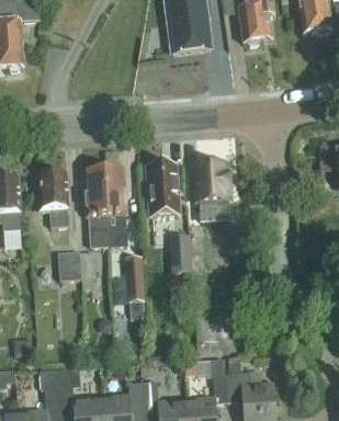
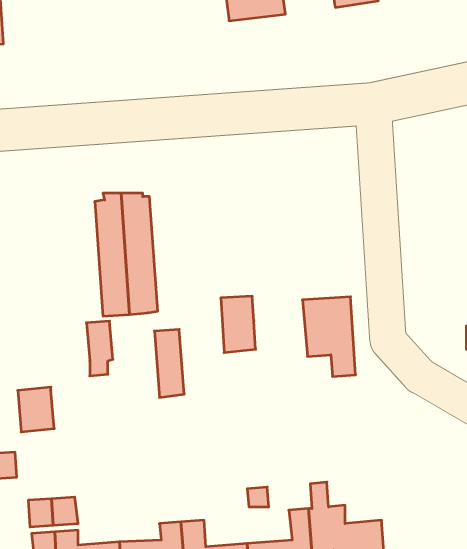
building: [192,163,227,216] -> [302,297,356,376]
building: [145,164,177,216] -> none
building: [36,171,67,227] -> none
building: [56,250,80,280] -> [18,387,54,432]

